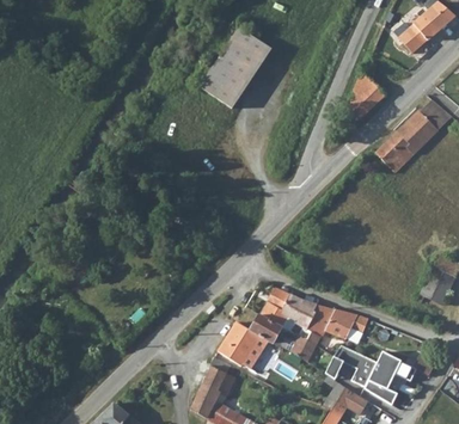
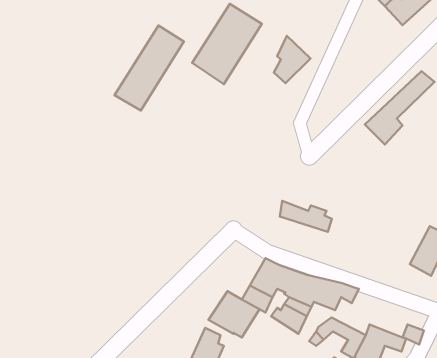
building: none -> [115,26,184,110]
building: [349,72,386,119] -> [274,36,310,83]
building: none -> [280,201,332,232]

